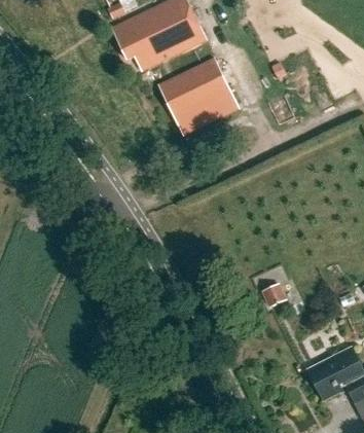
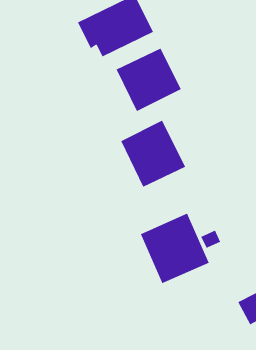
building: none -> [120,119,186,188]
building: none -> [140,212,210,284]

